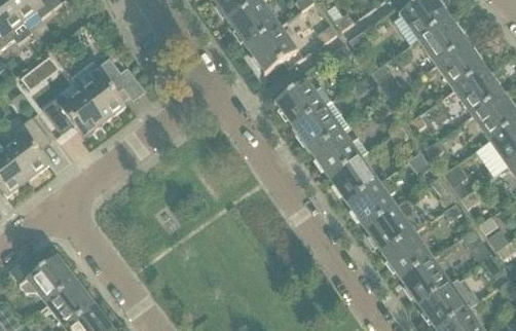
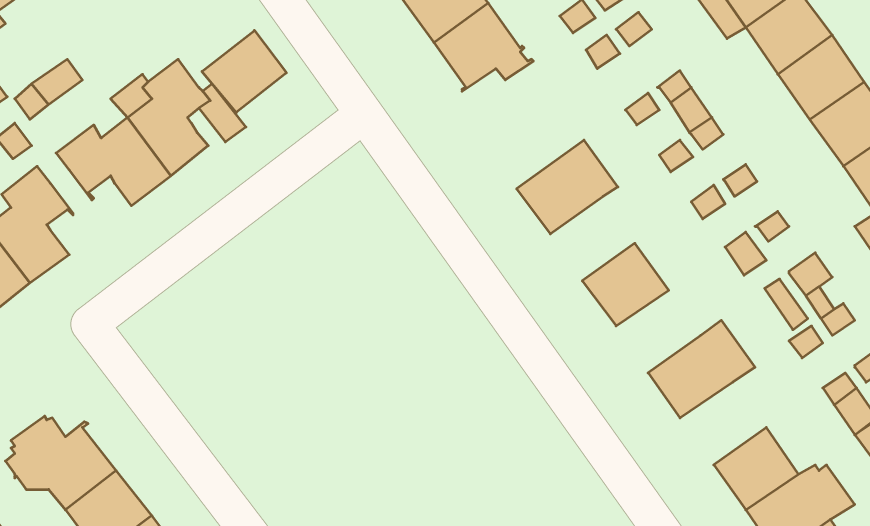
building: none -> [202,30,286,113]
building: [272,79,332,127] -> none
building: [314,132,368,178] -> none
building: [349,177,396,228] -> none
building: [384,233,432,279] -> none

